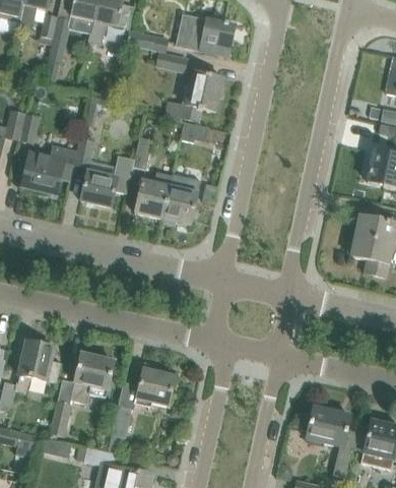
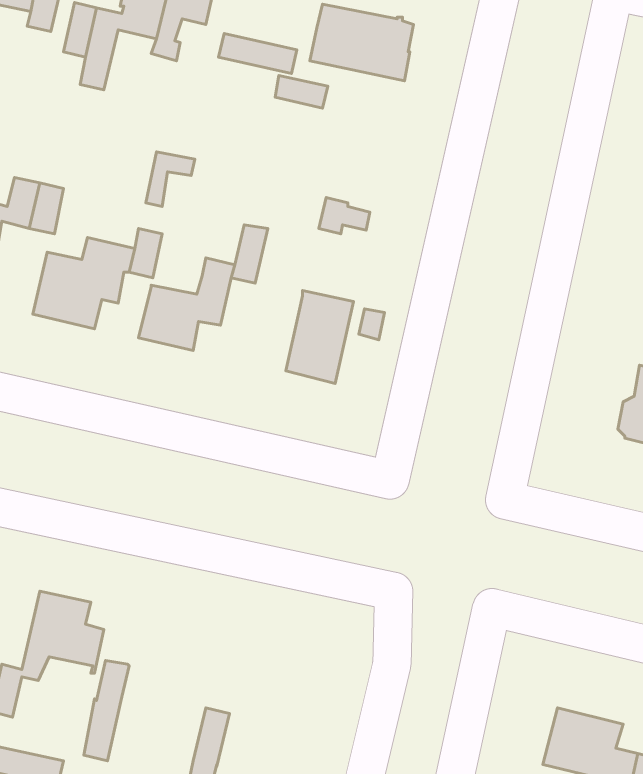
building: [162,70,223,121] -> none
building: [134,173,172,218] -> none
building: [71,353,114,403] -> none
building: [135,367,175,406] -> none

